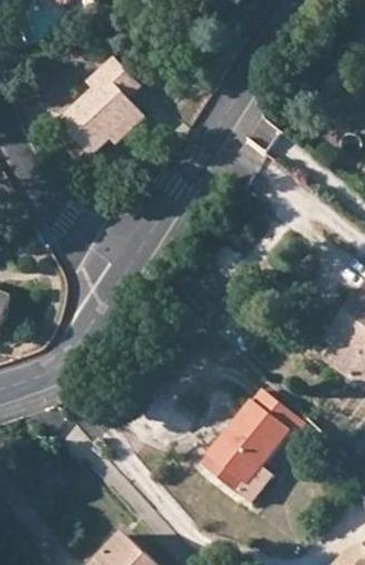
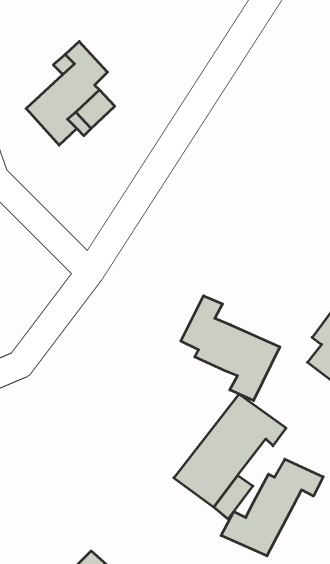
building: none -> [181,296,280,401]
building: none -> [221,459,323,556]

